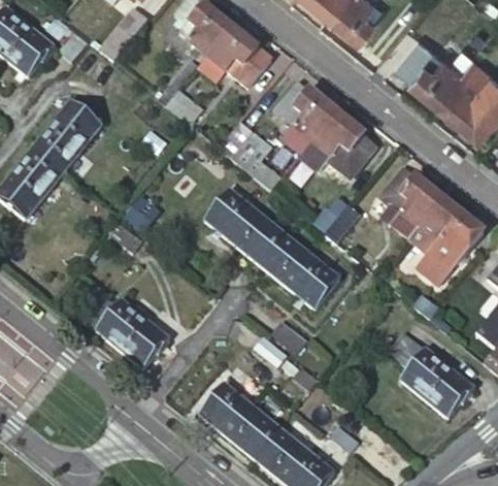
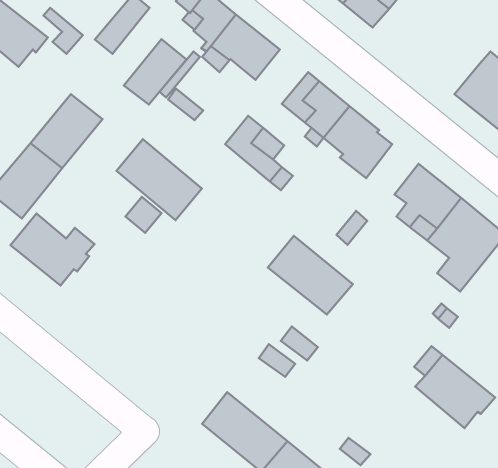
building: [394,37,459,100] -> none
building: none -> [124,39,187,105]
building: [203,188,284,264] -> [117,139,202,220]
building: [95,297,174,365] -> [10,214,95,286]

